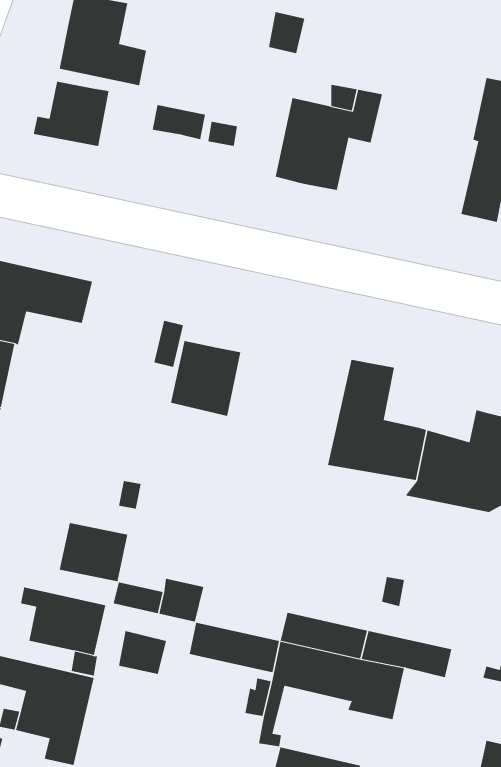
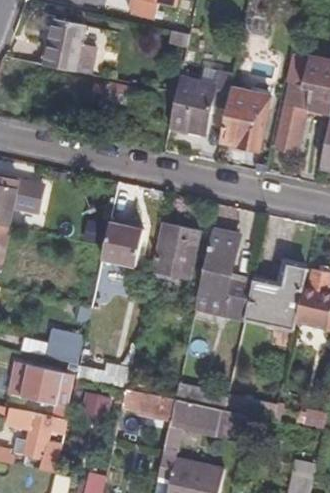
building: [33,81,109,147] -> none
building: none -> [220,88,270,149]
building: none -> [153,221,200,281]

